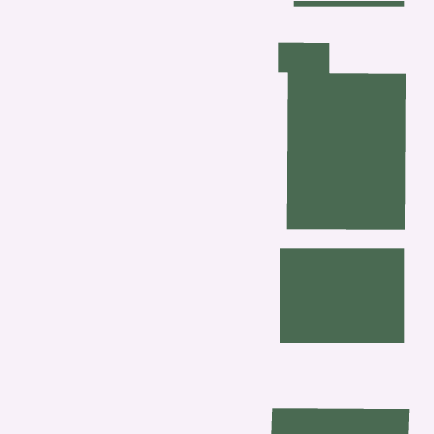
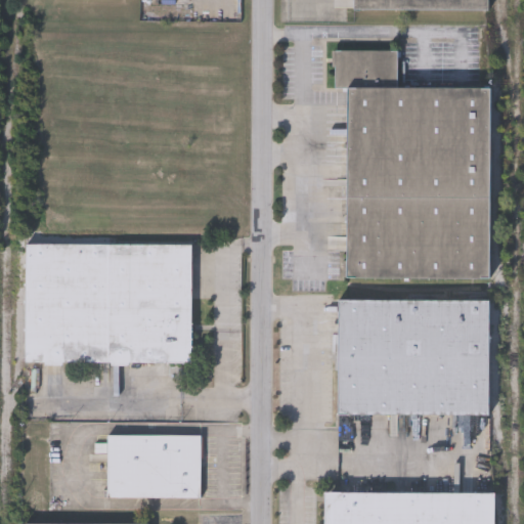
building: none -> [26,244,192,363]
building: none -> [108,435,202,497]

